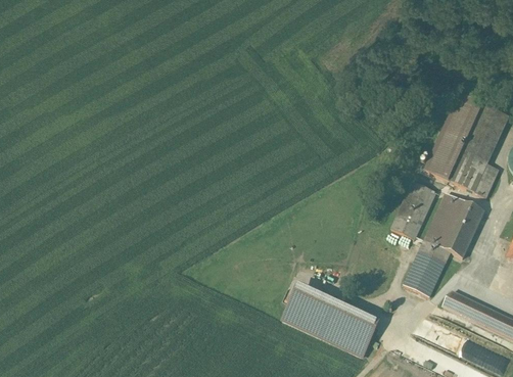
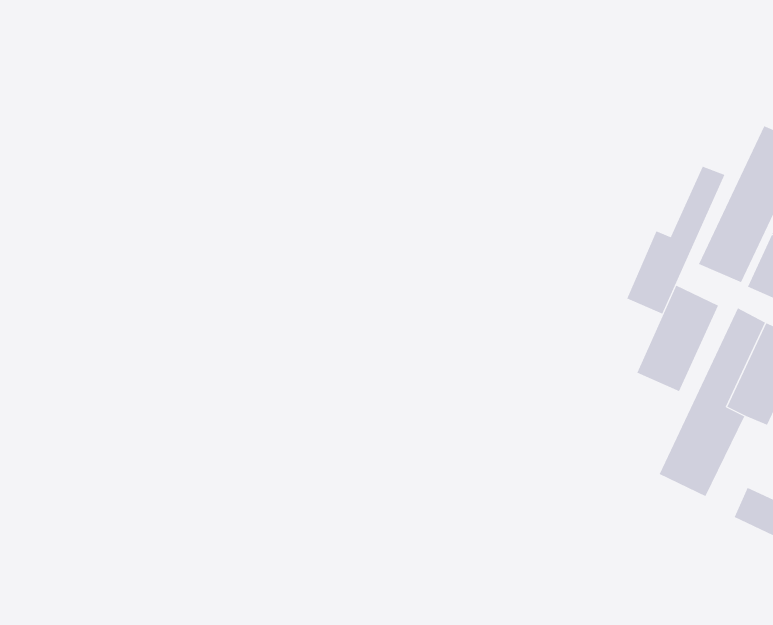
building: none -> [626,166,725,315]
building: [282,285,378,357] -> none

